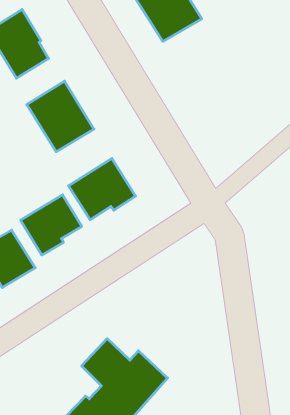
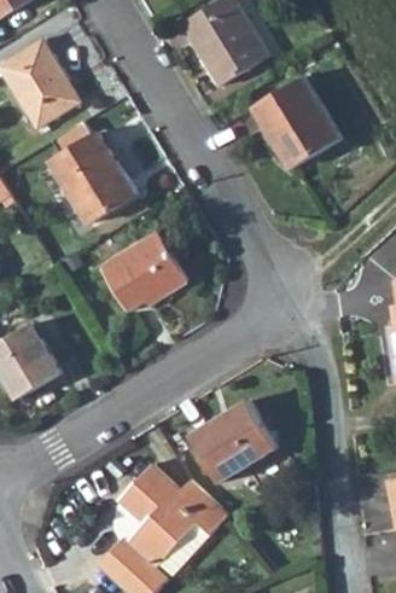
building: none -> [256,79,343,169]
building: [21,195,82,255] -> none
building: none -> [192,399,279,481]

